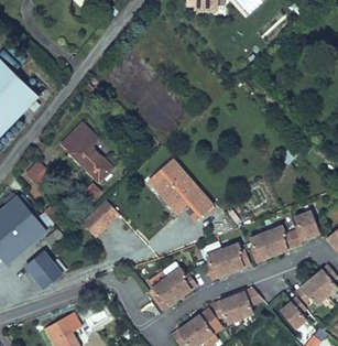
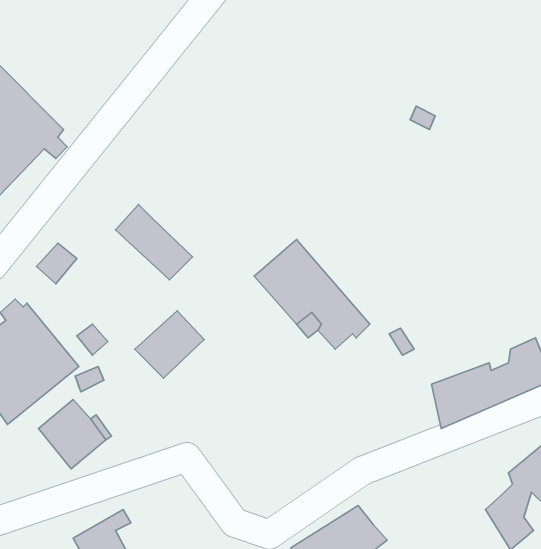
building: [59,121,97,151] -> none
building: [203,242,249,282] -> none
building: [146,269,197,312] -> none
building: [212,286,255,325] -> none

